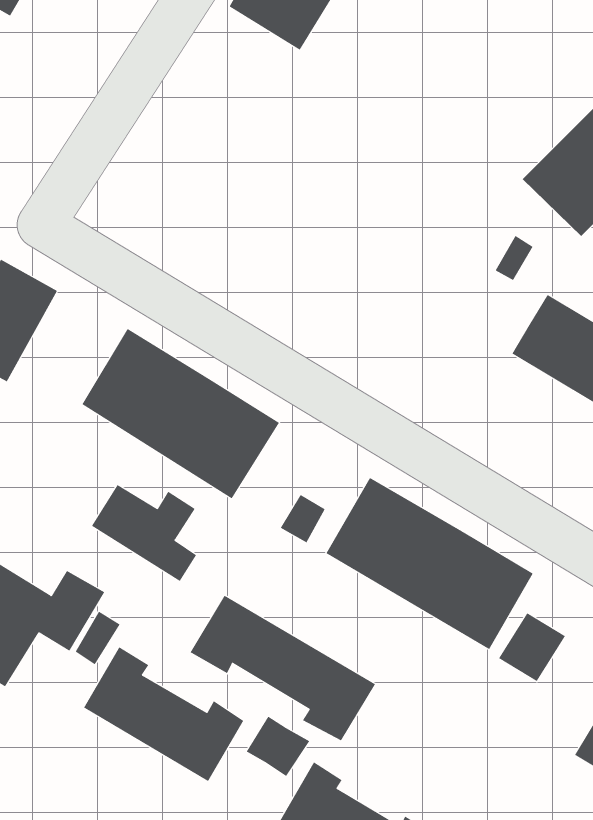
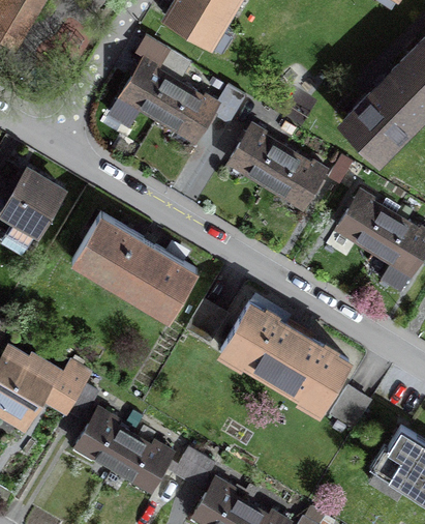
building: none -> [110,50,245,142]
building: none -> [229,126,326,208]
building: [91,484,197,582] -> none
building: [190,595,376,741] -> none

